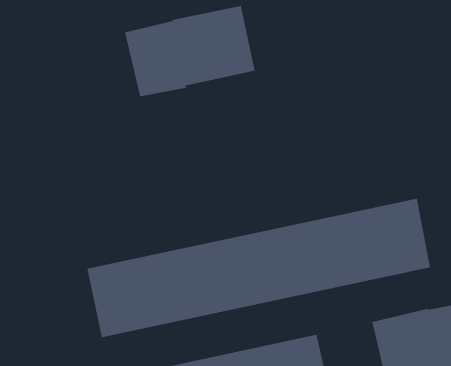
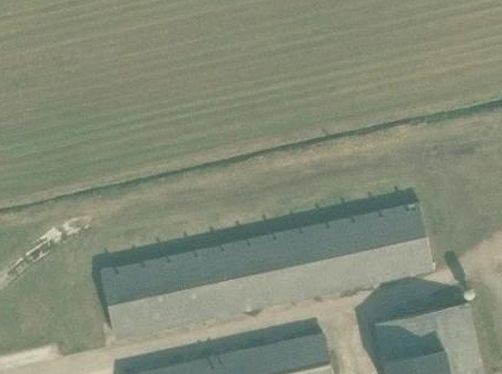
building: [124,5,255,97] -> none

